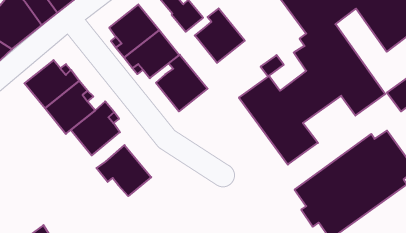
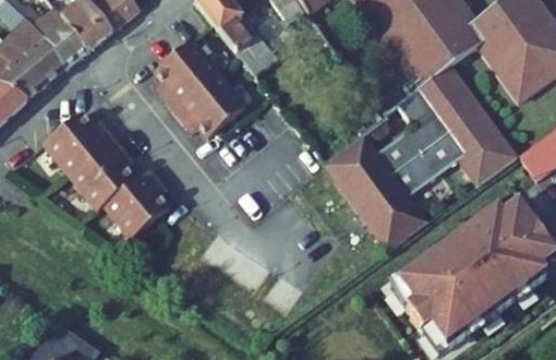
building: [195,8,245,63] -> none
building: [156,55,208,111] -> none
building: [96,145,151,196] -> none

